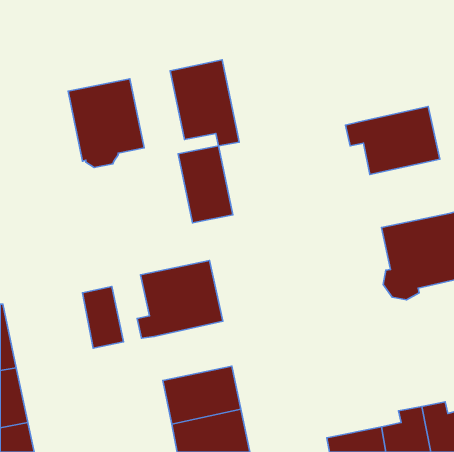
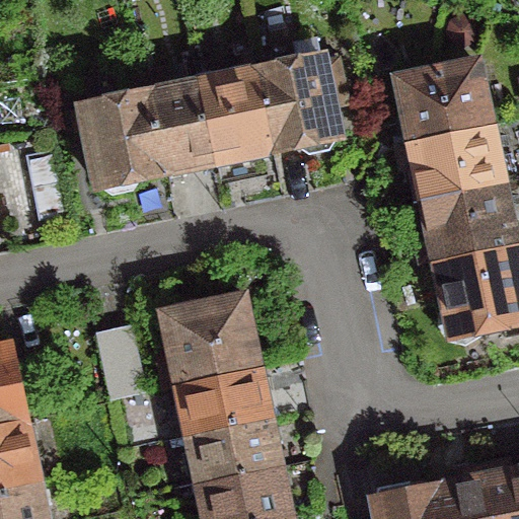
building: none -> [255,54,338,149]
building: none -> [397,60,489,138]
building: [178,146,233,223] -> [151,80,213,167]
building: none -> [416,180,514,261]
building: none -> [178,364,267,431]

